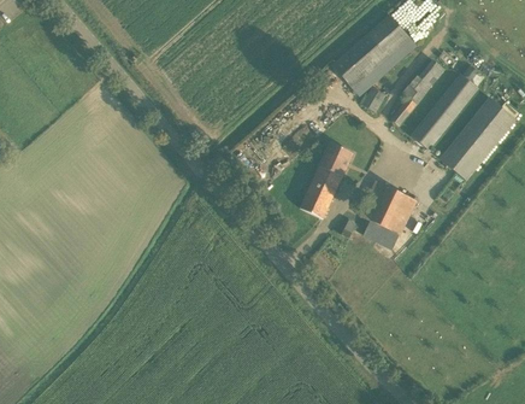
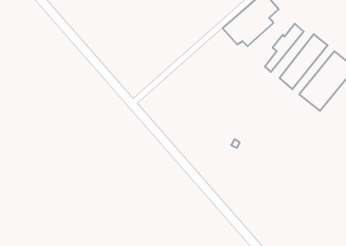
building: [300,142,353,218] -> none
building: [362,187,415,250] -> none

